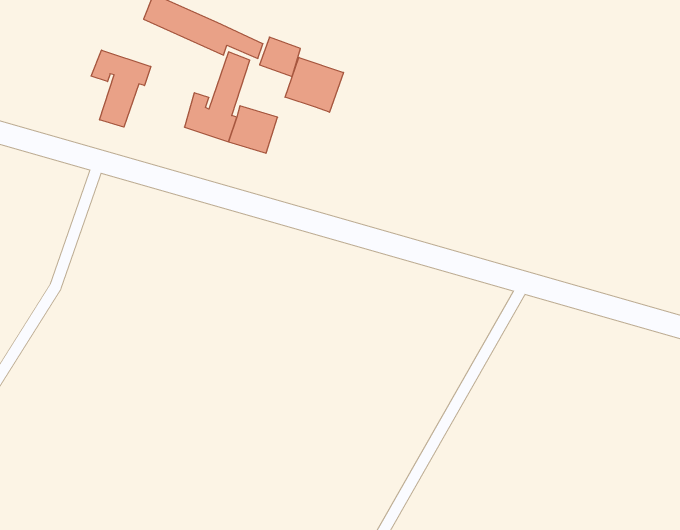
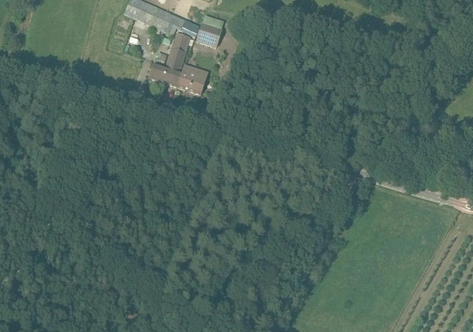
building: [91,50,151,127] -> none
building: [285,57,343,112] -> none

